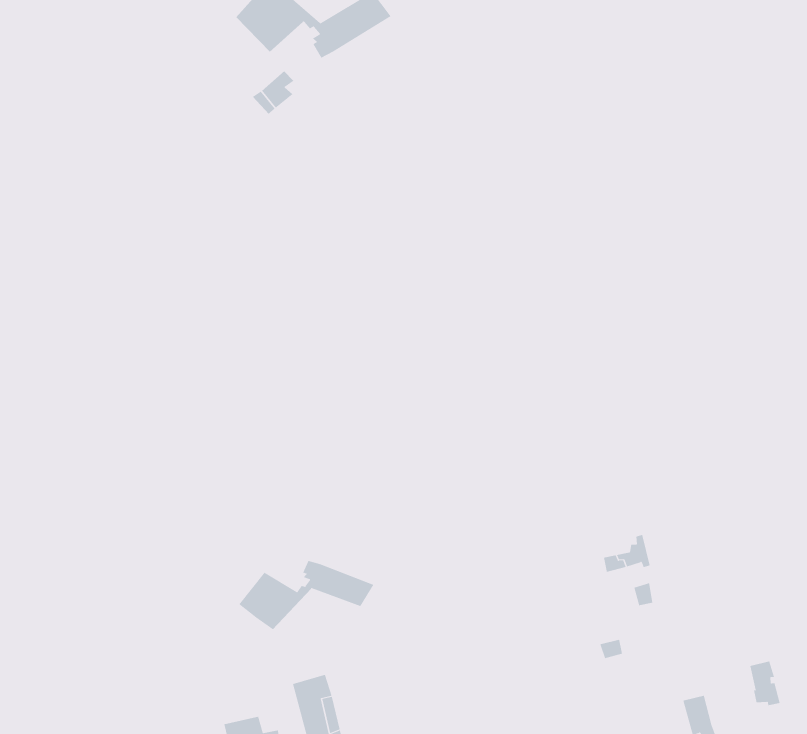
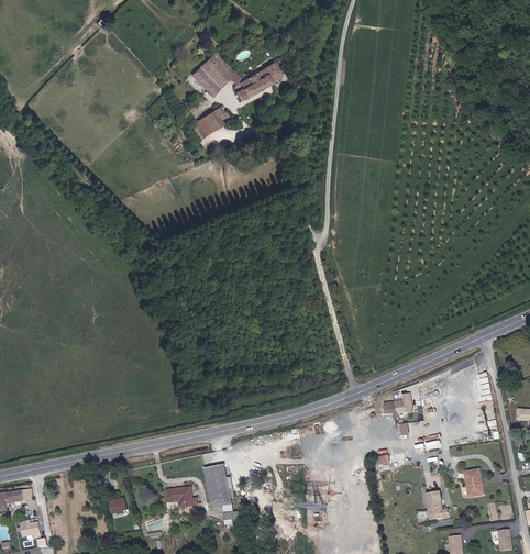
building: [238,560,374,630] -> none

